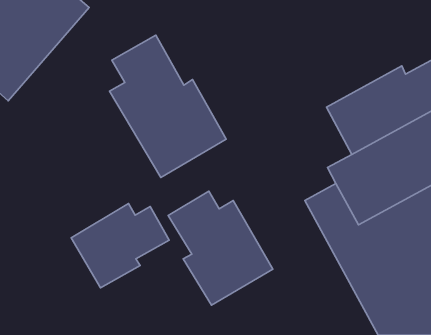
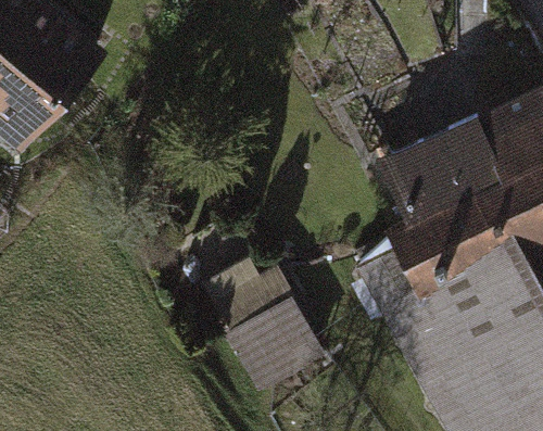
building: [110,35,226,177] -> none
building: [71,204,169,288] -> none

